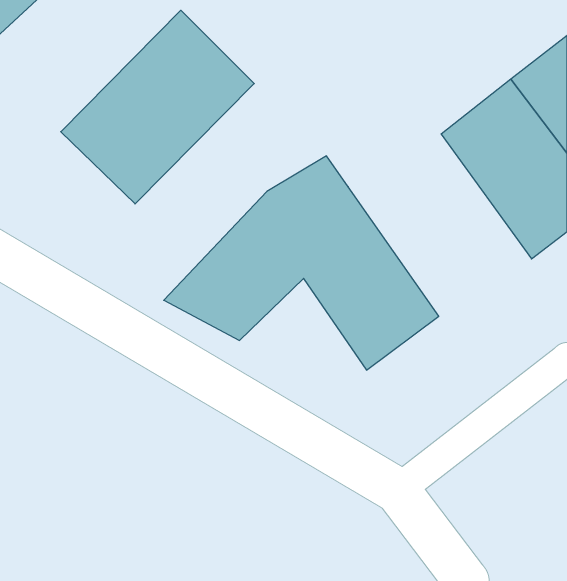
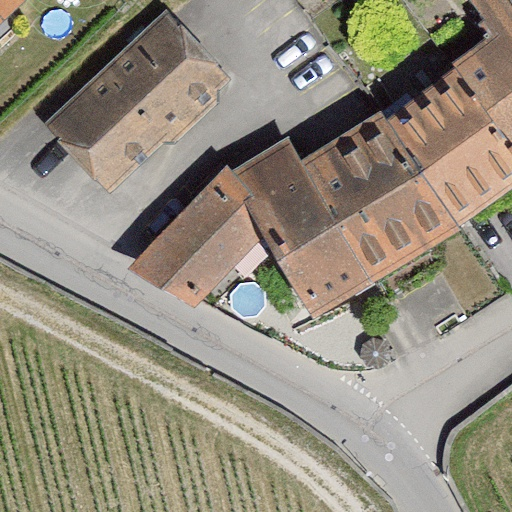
building: none -> [304,117,464,276]

